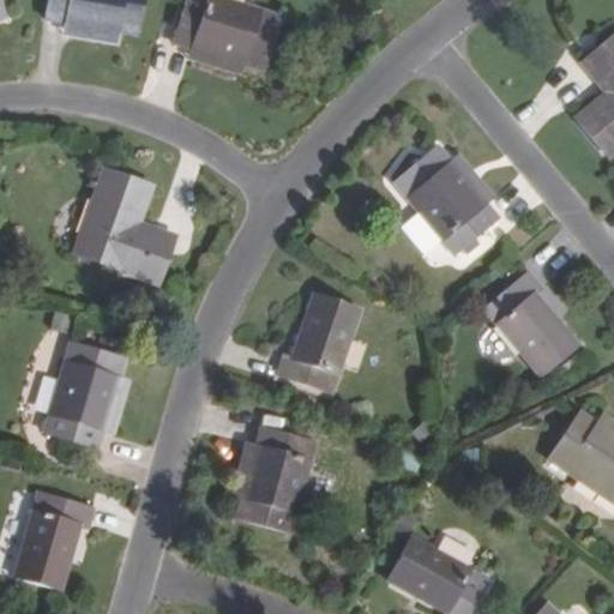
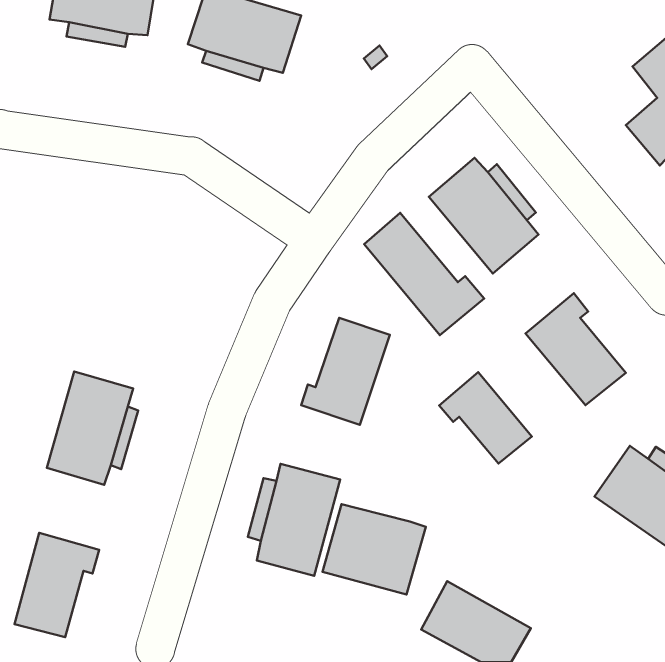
building: [74,169,173,281] -> none
building: none -> [364,213,484,335]
building: none -> [439,372,532,464]
building: none -> [322,504,426,595]

